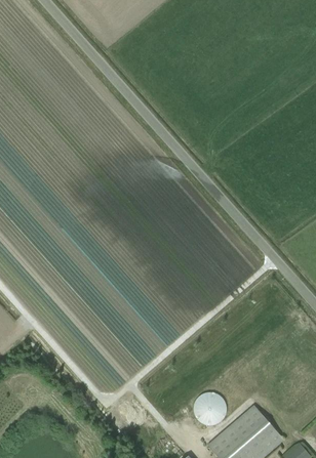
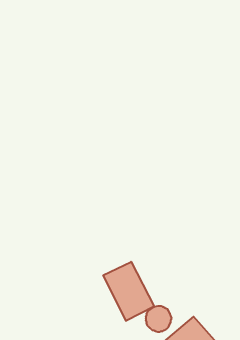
building: none -> [103,262,154,321]

